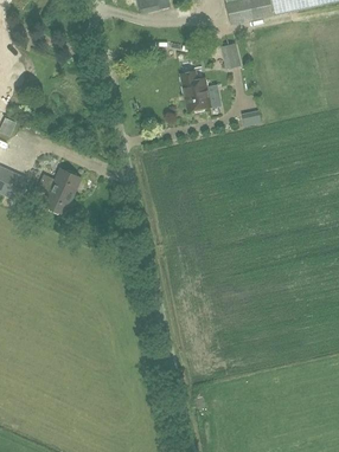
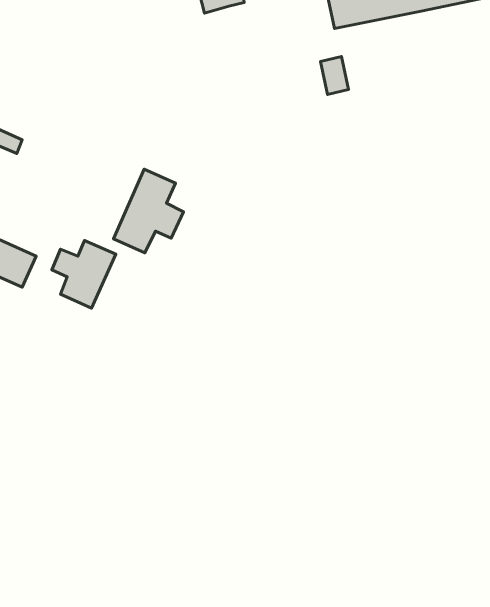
building: [180,71,210,110] -> none
building: none -> [114,169,183,253]

